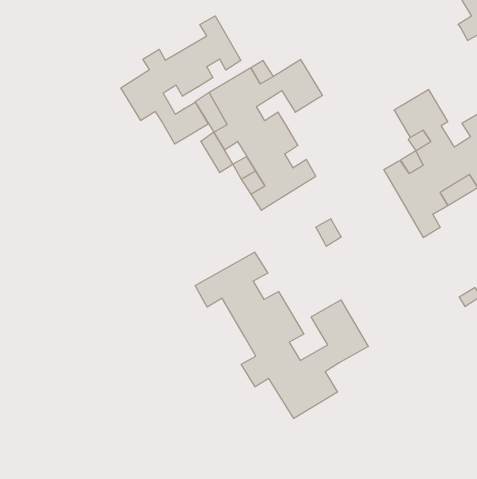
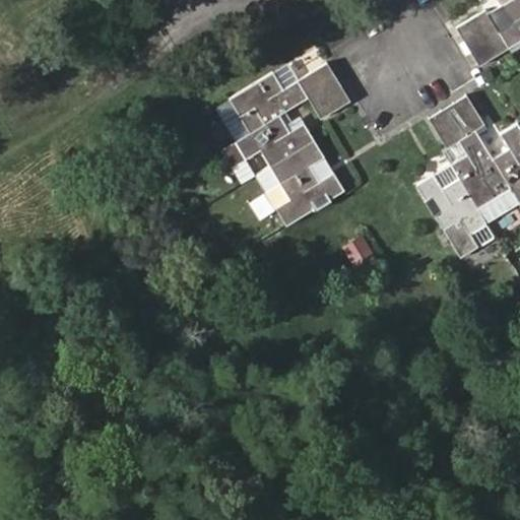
building: none -> [456,6,509,61]
building: [121,16,241,144] -> none
building: [195,252,368,419] -> none

